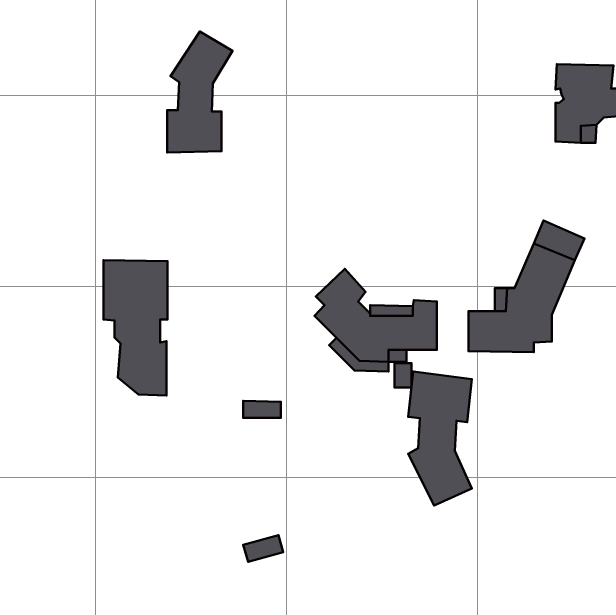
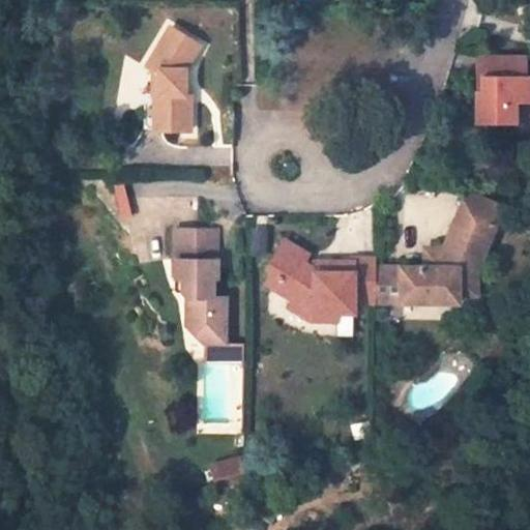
building: [103,260,168,396] -> [172,228,227,344]
building: none -> [376,269,403,303]
building: [408,371,472,505] -> none

